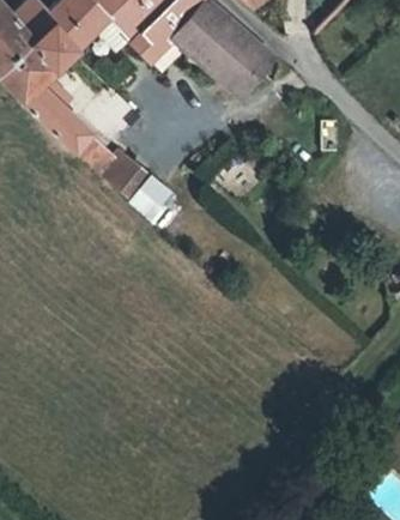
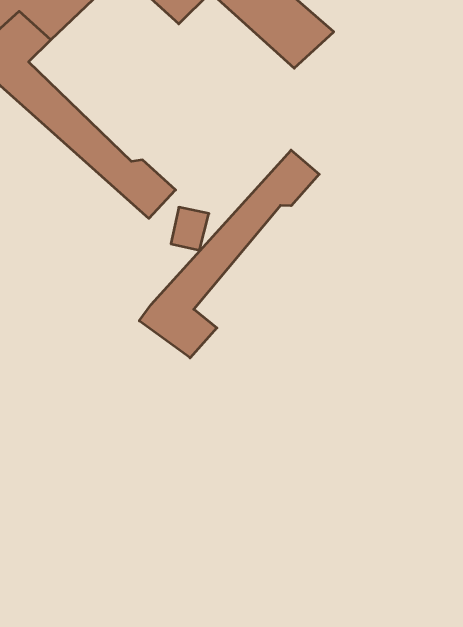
building: none -> [139,150,319,358]

